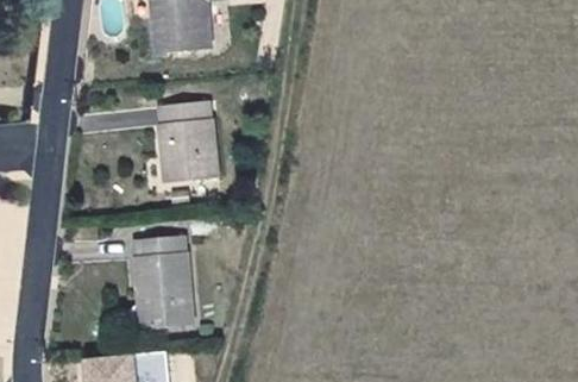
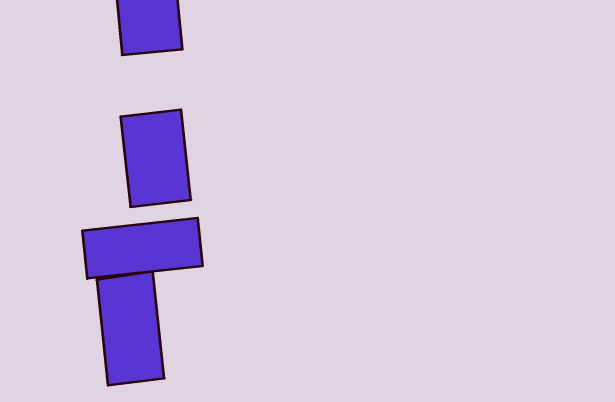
building: none -> [83,218,202,279]

